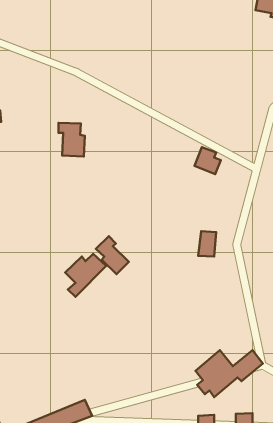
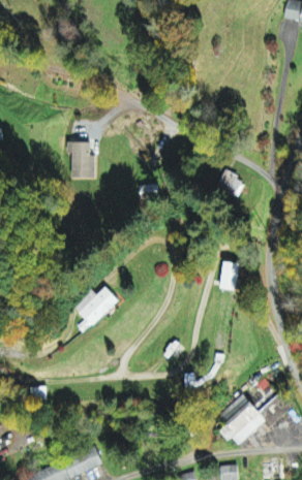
building: [96,236,129,274] -> none

